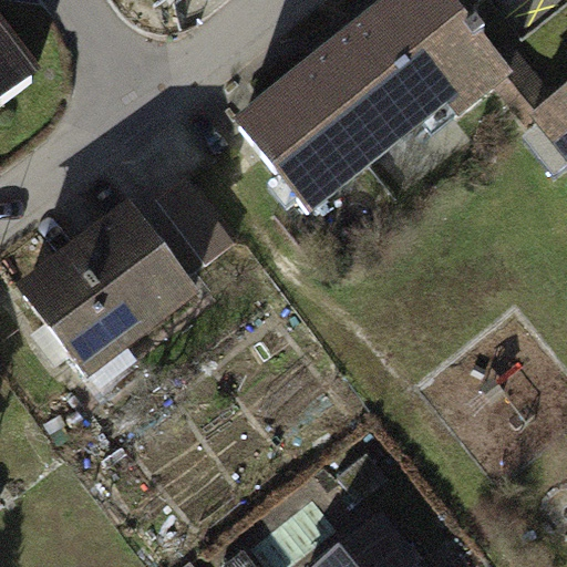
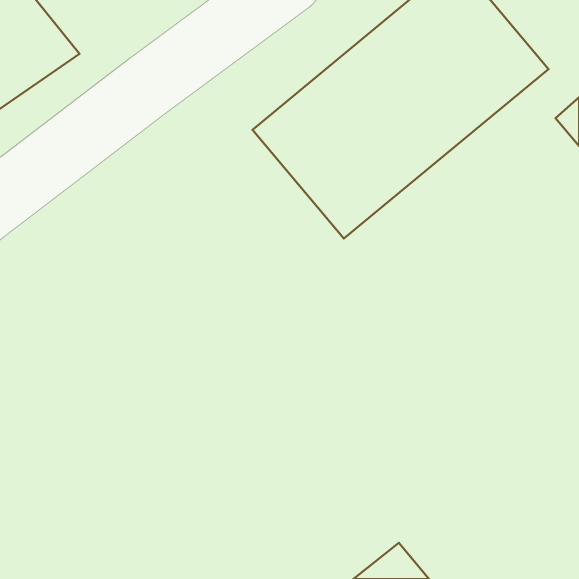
building: [10,198,192,369] -> none

